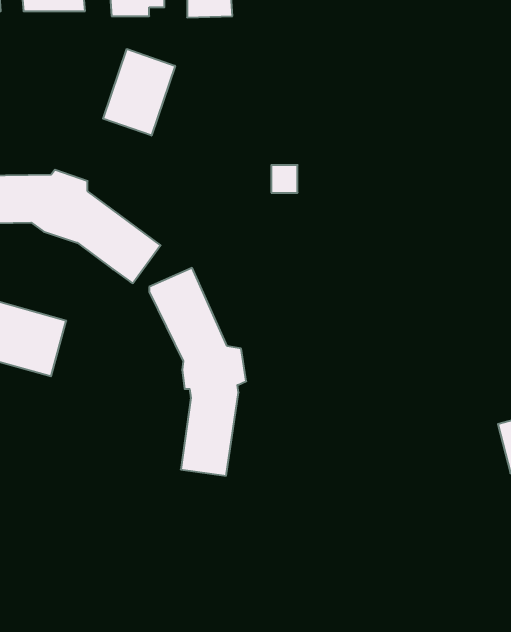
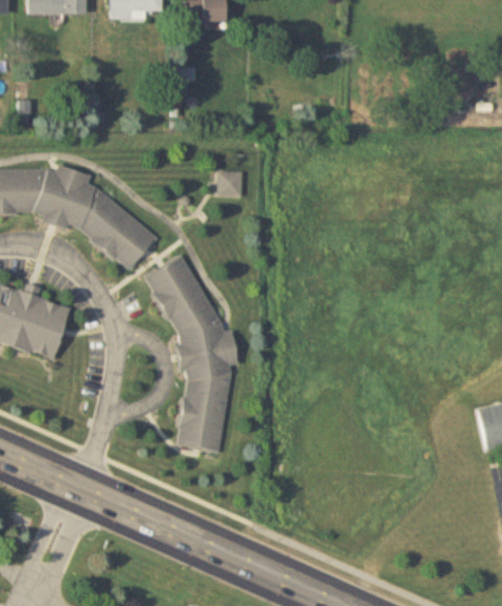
building: [103,49,175,136] -> none
building: [271,165,298,193] -> [218,170,243,196]

